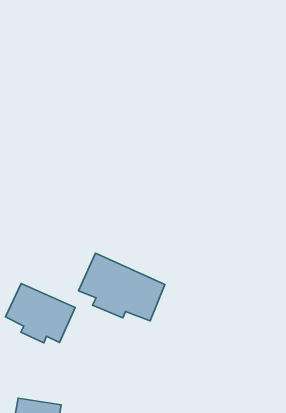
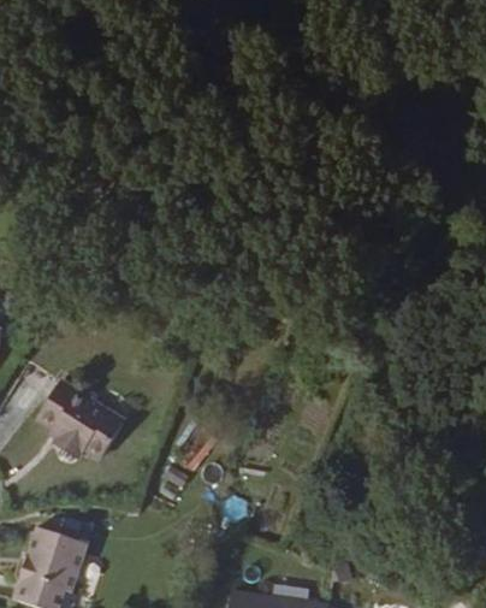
building: [79,253,165,321] -> none

